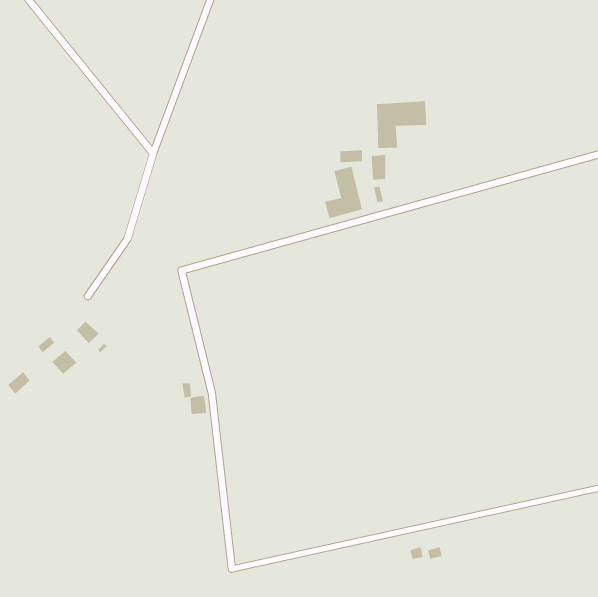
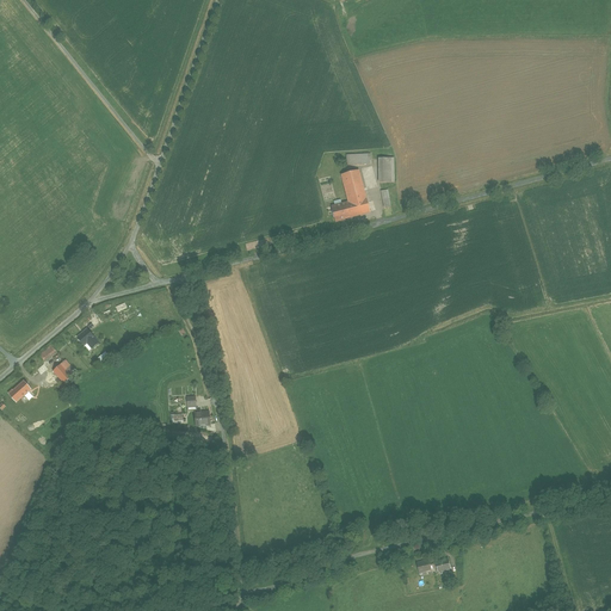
building: [377,101,427,149] -> none

